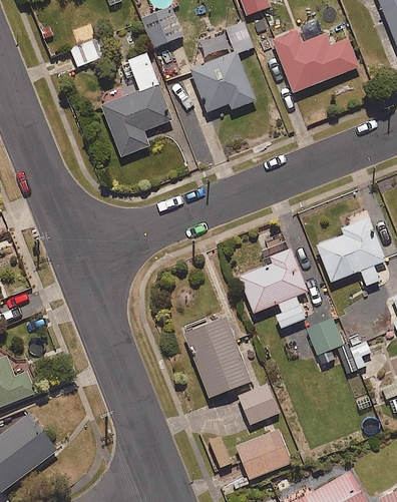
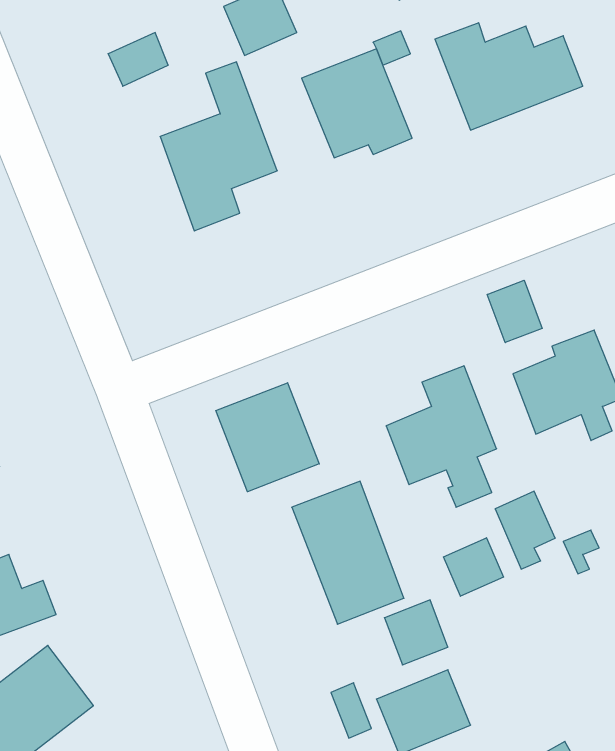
building: none -> [487,280,542,343]
building: none -> [216,383,319,492]
building: none -> [443,538,503,596]

